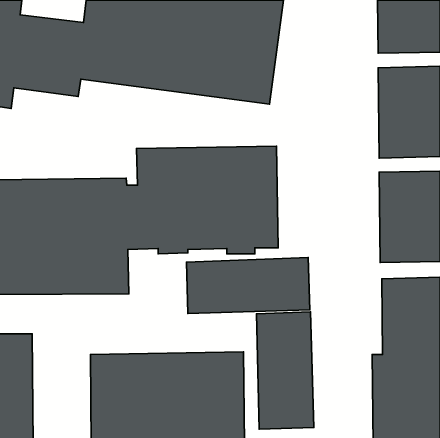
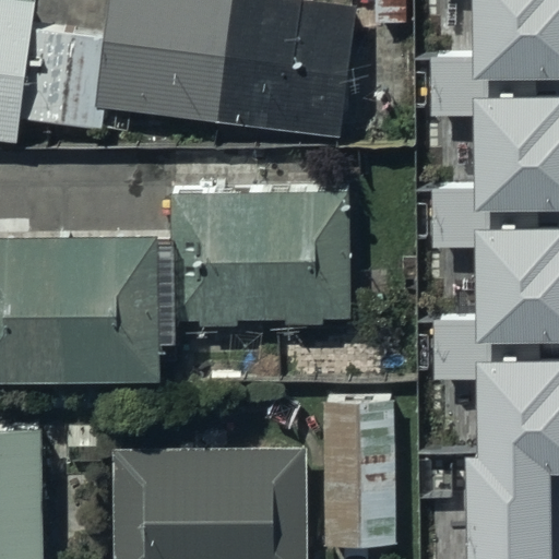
building: [186,258,310,313] -> none

